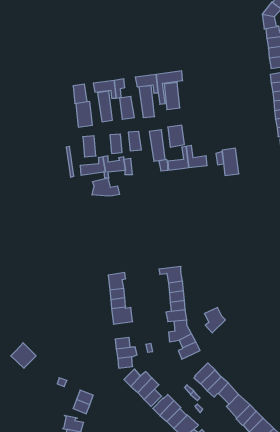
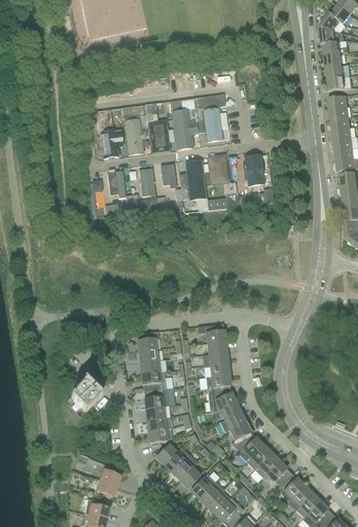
building: [222,148,239,175] -> [245,152,264,184]
building: [92,178,120,196] -> none
building: [204,308,225,333] -> [230,422,255,452]
building: none -> [144,388,169,409]
building: [11,343,36,368] -> [71,381,101,411]

